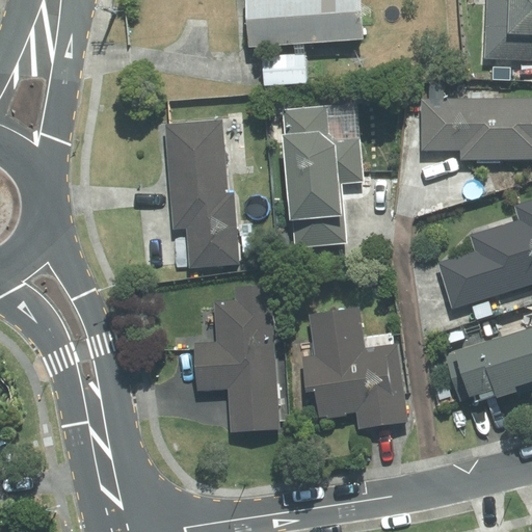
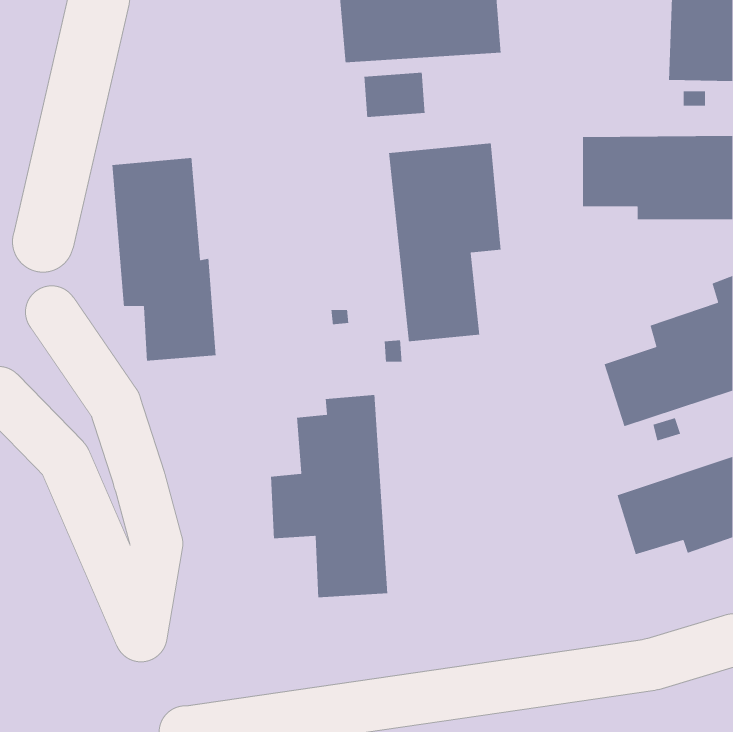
building: [164,118,240,266] -> [112,157,216,361]
building: [302,307,407,428] -> none

